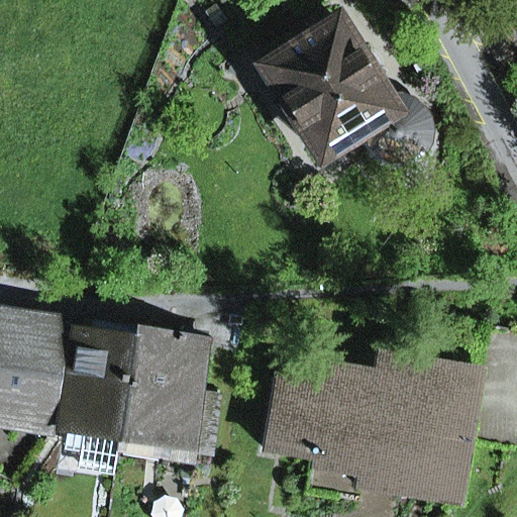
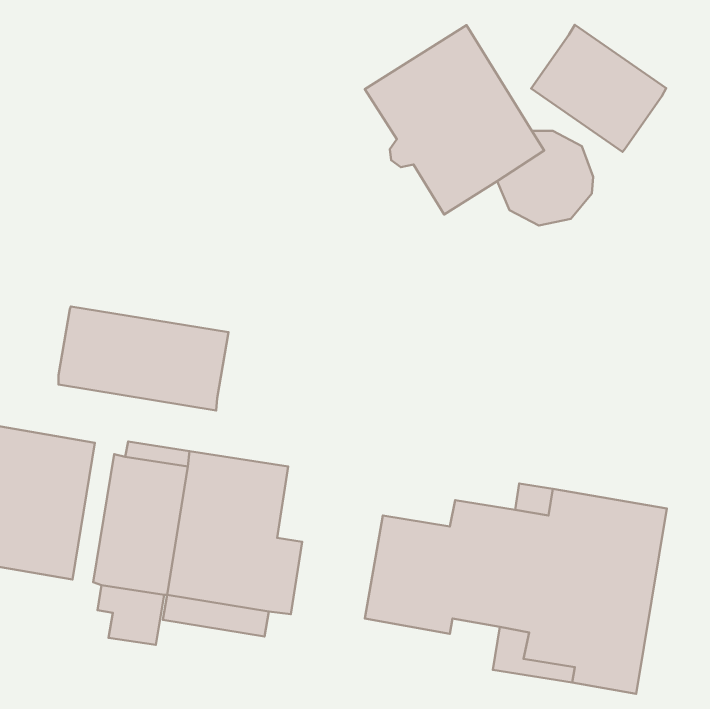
building: none -> [531,25,666,152]
building: none -> [58,306,228,410]

